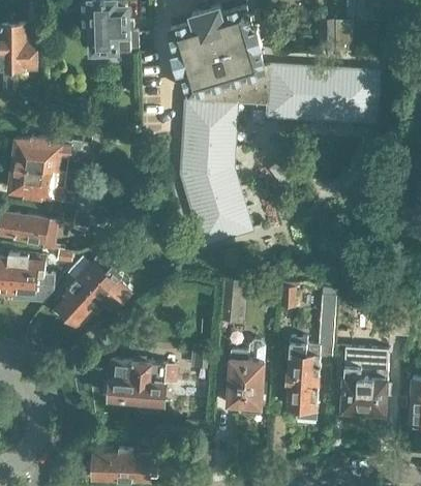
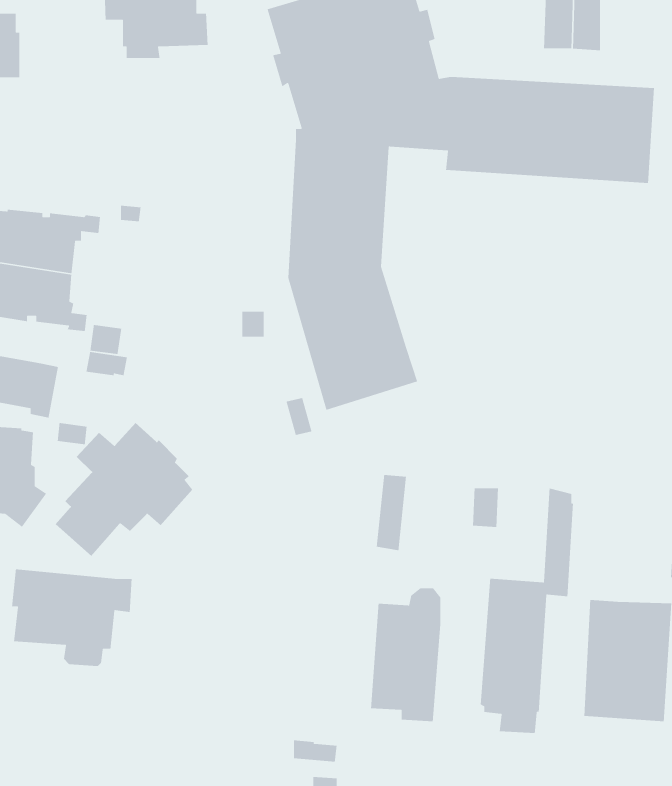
building: [110,360,175,413] -> [11,569,132,667]

